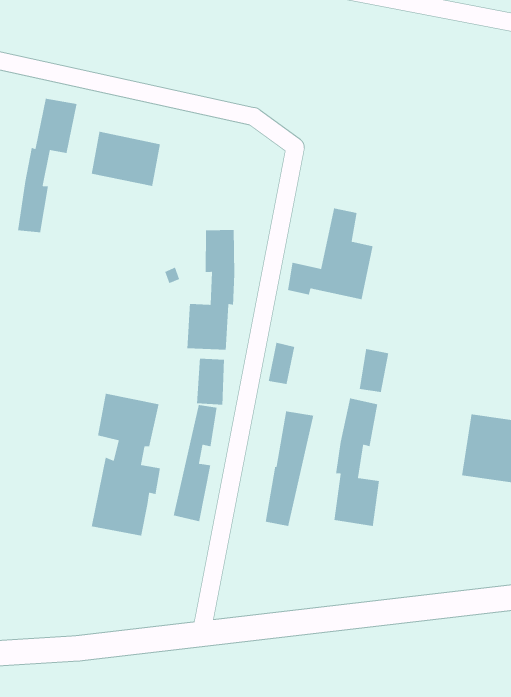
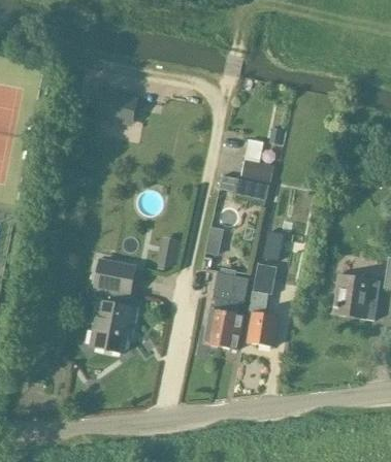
building: [17,98,77,233] -> none
building: [186,229,235,350] -> none
building: [173,404,217,522] -> [220,273,249,350]

